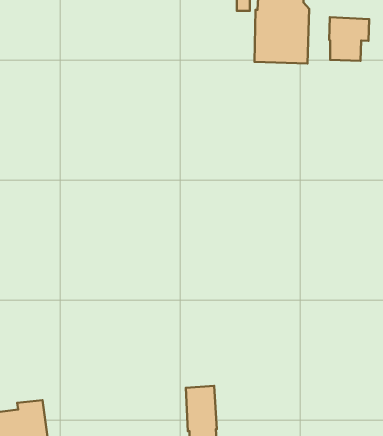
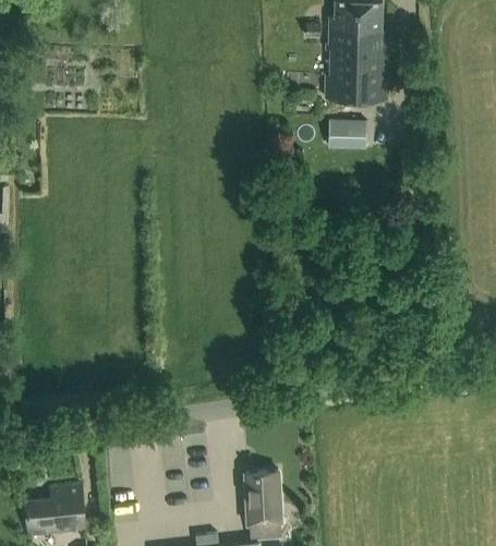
building: [329,17,369,61] -> none
building: none -> [329,119,367,147]

